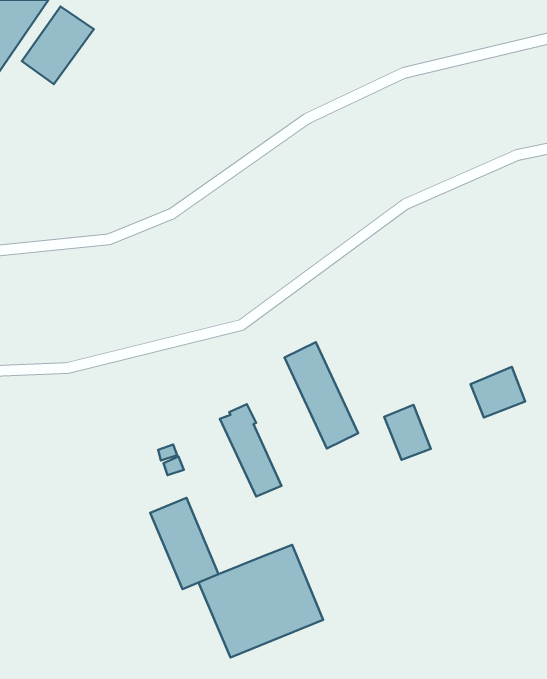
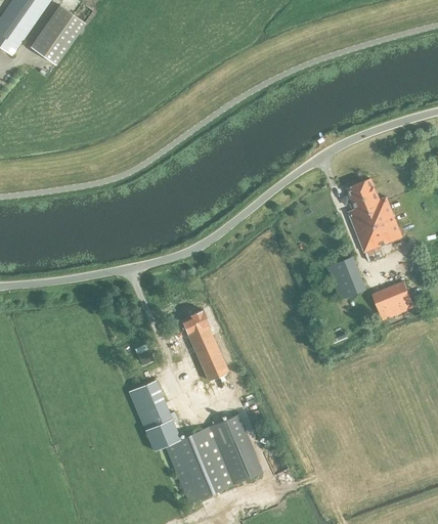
building: none -> [347,178,401,252]
building: [284,342,358,448] -> none
building: [384,405,431,460] -> [327,257,363,299]

